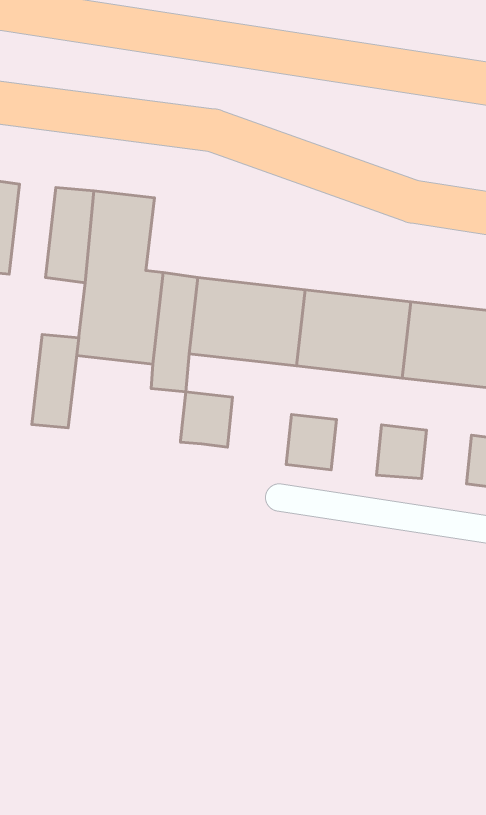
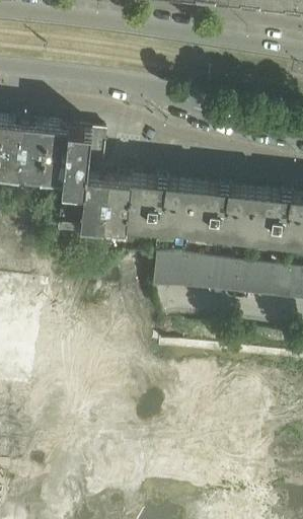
building: [32,334,79,428] -> [18,120,46,174]
building: [181,392,233,447] -> [153,251,183,284]
building: none -> [207,257,236,290]
building: none -> [259,264,289,295]

